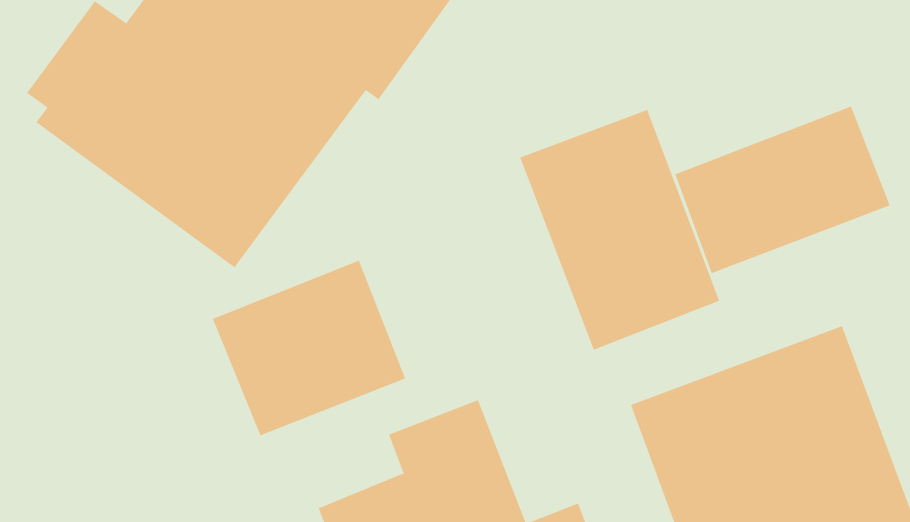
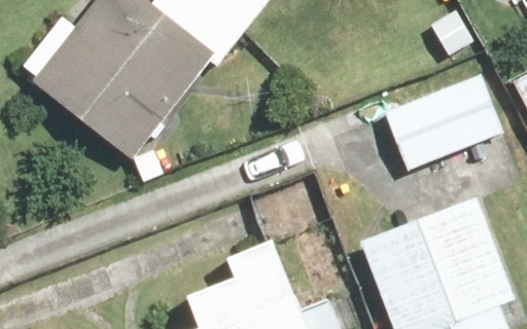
building: [520,109,720,351] -> none
building: [212,260,406,436] -> none

